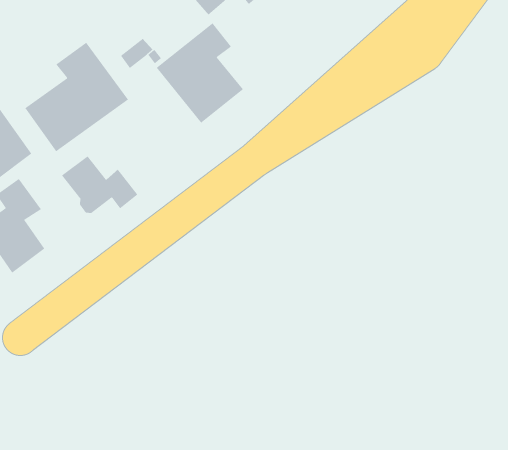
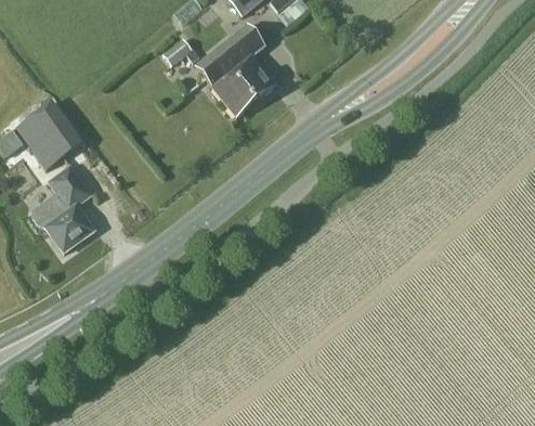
building: [24,42,129,152] -> none
building: [61,155,138,214] -> none

